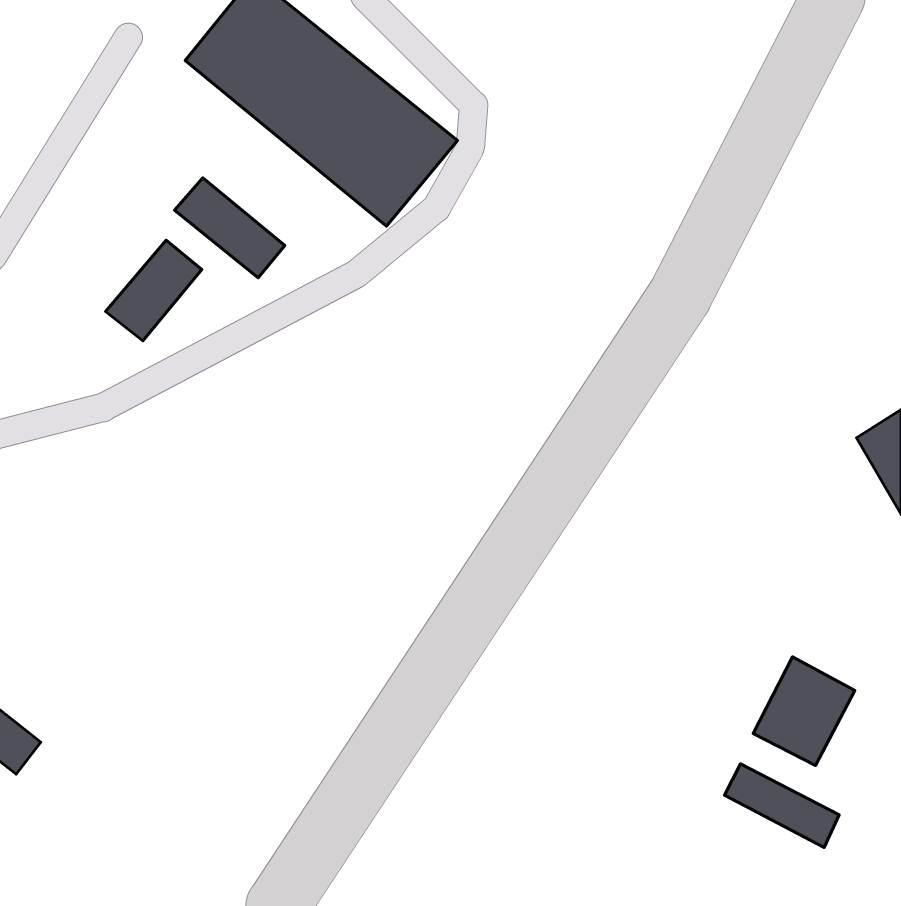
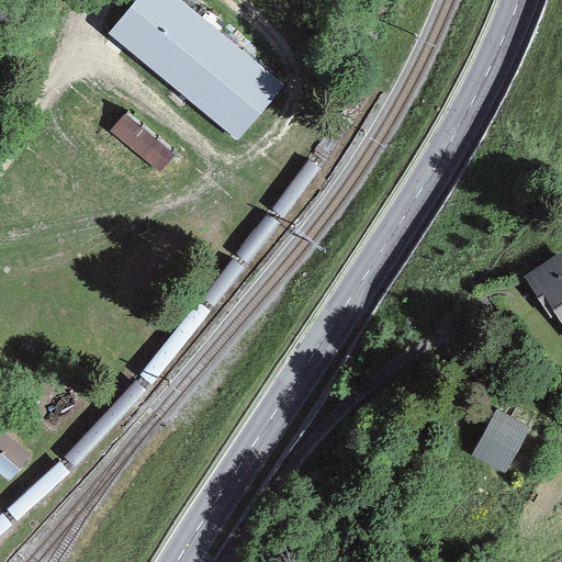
building: [105,240,202,341] -> none
building: [724,764,839,848] -> none

